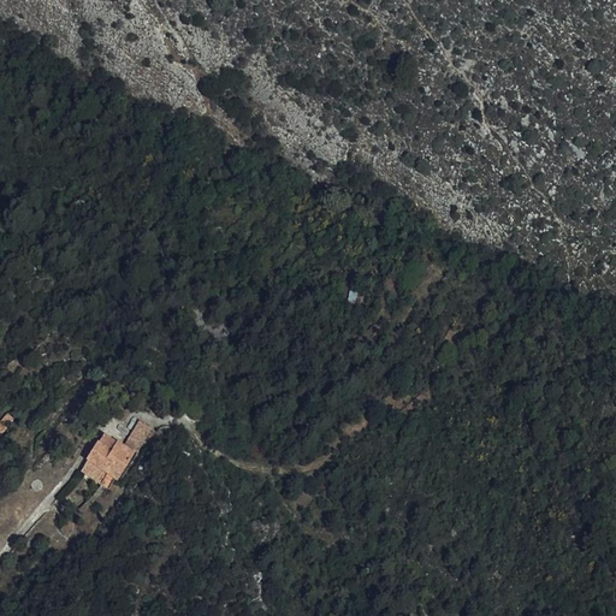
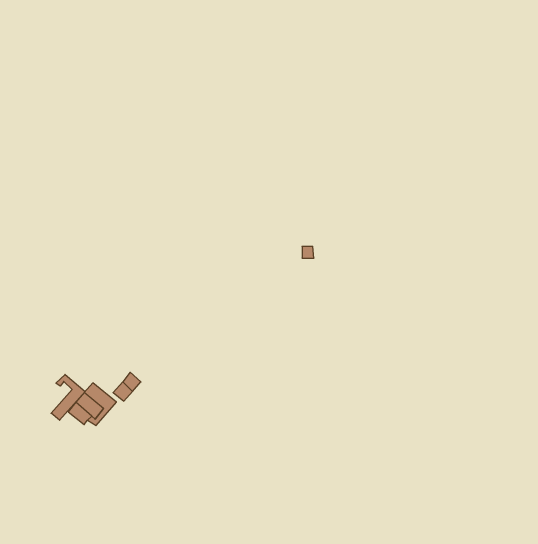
building: none -> [51,374,85,420]

